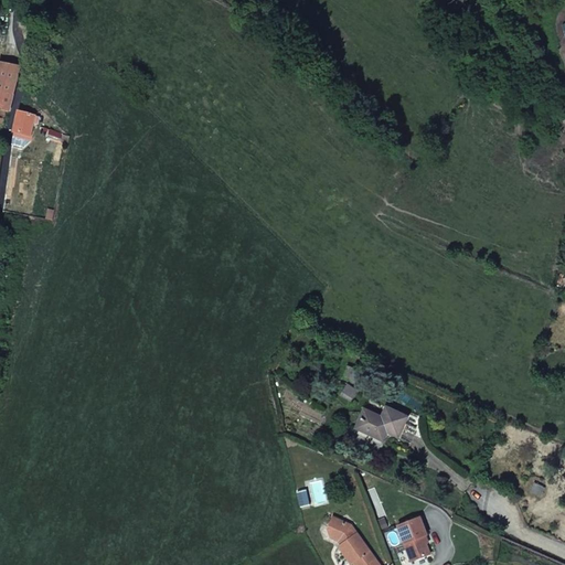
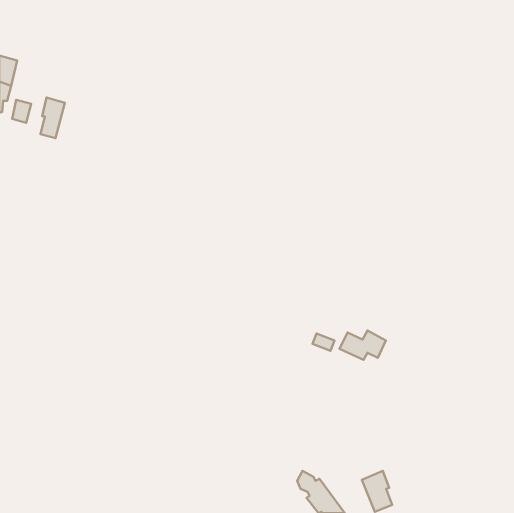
building: none -> [41,97,65,138]
building: [354,406,405,438] -> [339,331,386,360]

